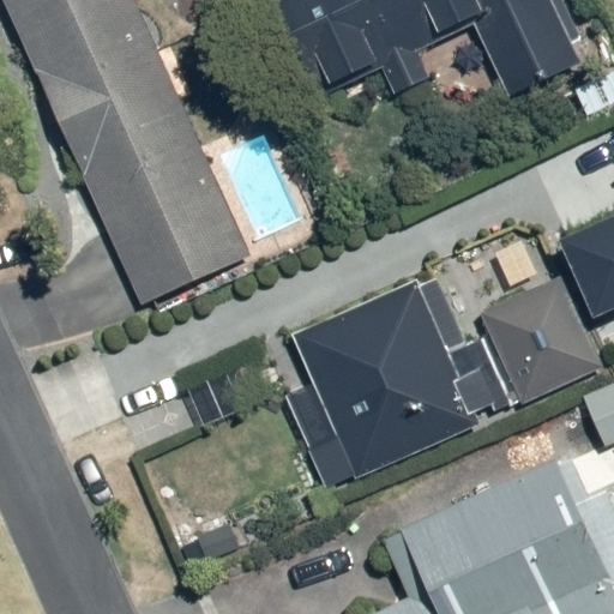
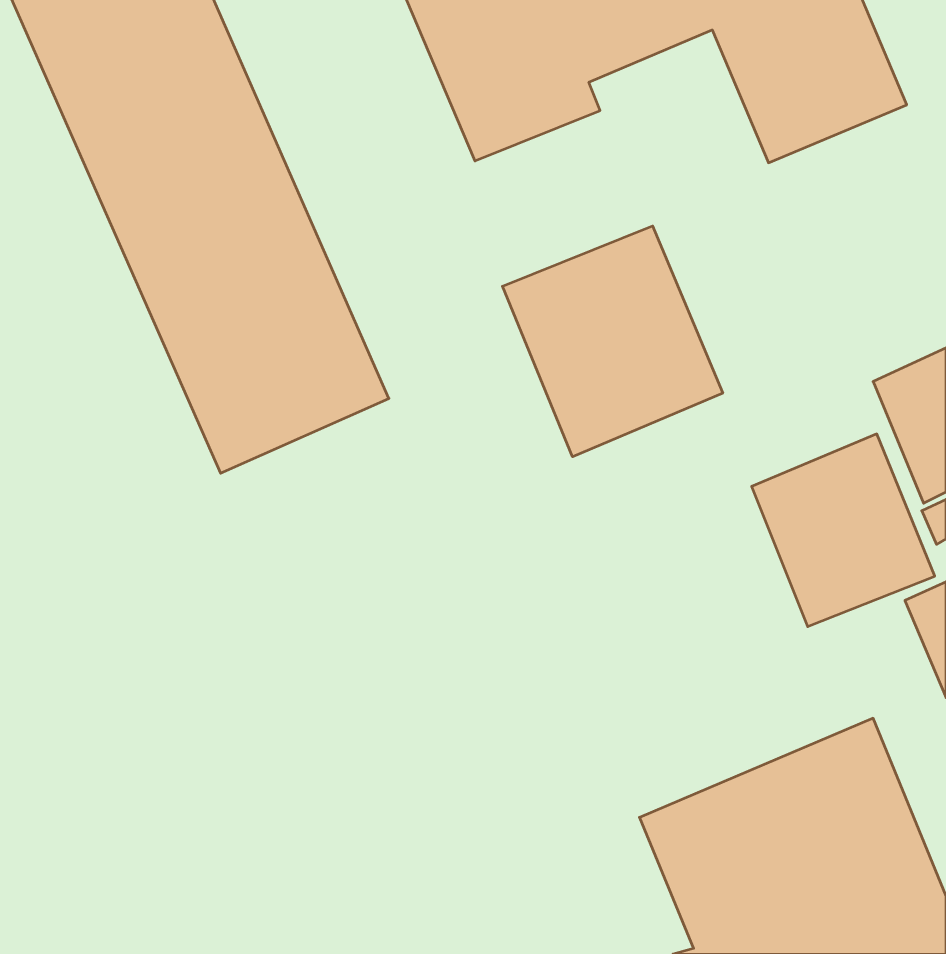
building: none -> [502,226,723,457]
building: [297,283,475,474] -> none

